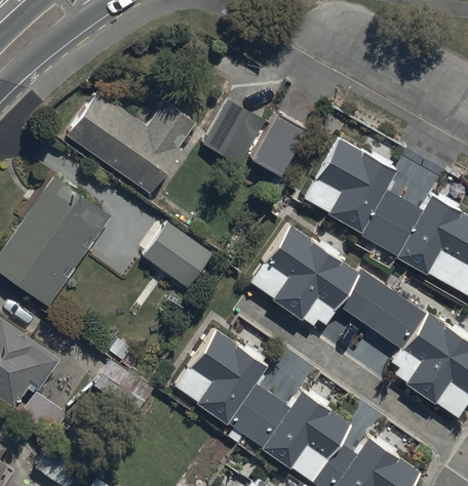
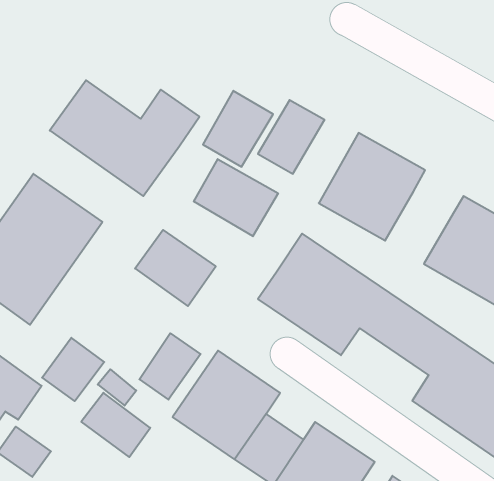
building: none -> [194,159,278,236]
building: [361,189,421,252] -> none
building: none -> [139,333,201,400]
building: none -> [42,338,104,401]

